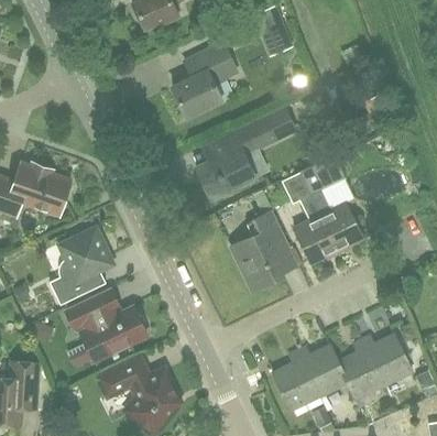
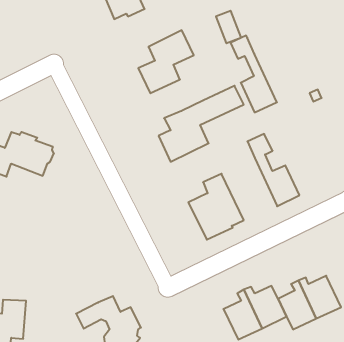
building: [282,172,337,263] -> [231,36,277,112]
building: [48,228,109,305] -> none
building: [66,291,146,367] -> none

